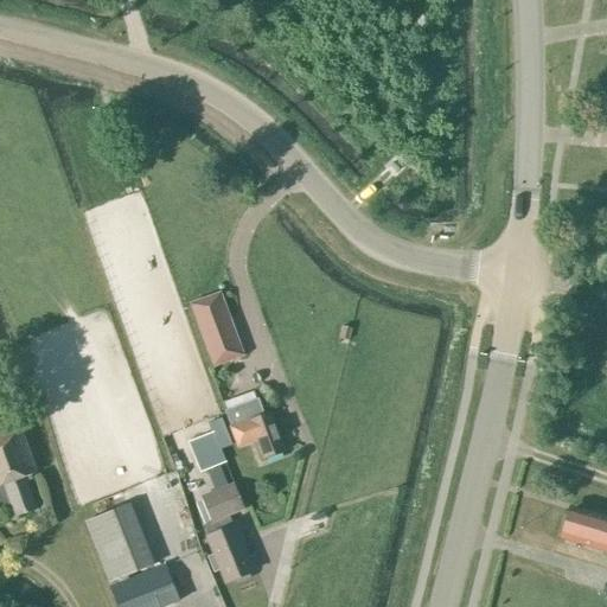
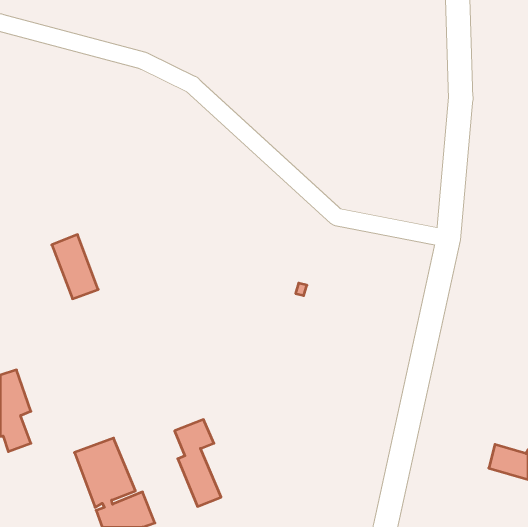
building: [190,292,243,365] -> [52,235,98,299]
building: [225,398,285,458] -> none
building: [187,427,229,473] -> none

